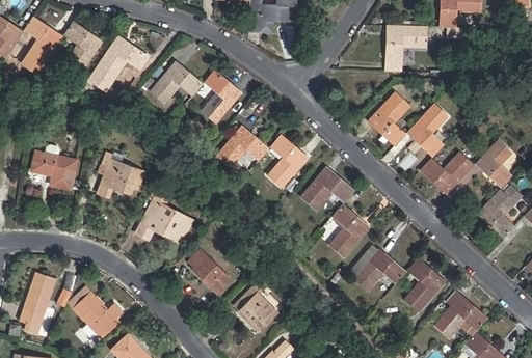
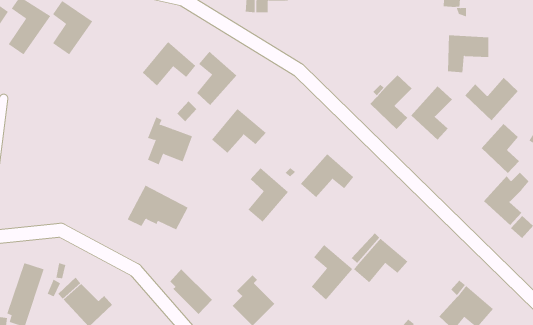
building: [385,25,426,61] -> [447,35,489,73]
building: [89,35,149,90] -> none
building: [268,135,308,188] -> [248,167,289,222]
building: [31,150,77,190] -> none
building: [98,152,141,198] -> [147,117,193,165]
building: [421,152,473,194] -> [464,77,519,121]
building: [329,203,370,257] -> [311,244,353,300]
building: [189,249,231,294] -> [169,268,213,315]
building: [404,257,445,310] -> none

